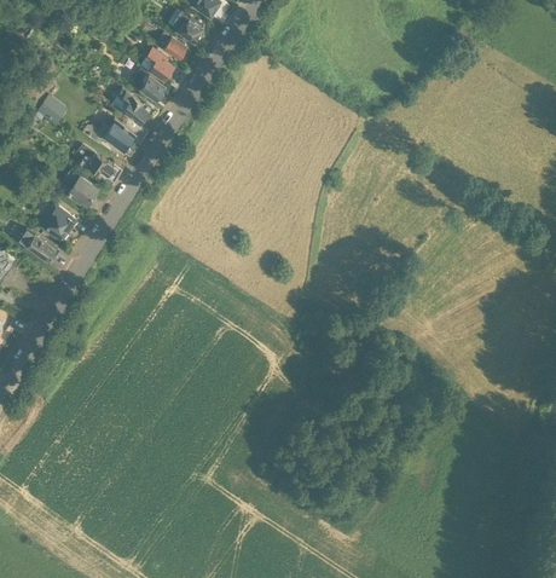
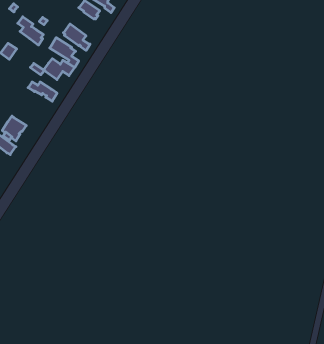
building: [145,46,184,88] -> [18,17,43,45]
building: [66,174,98,206] -> none

